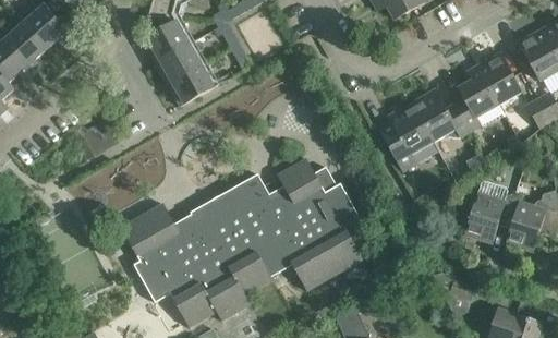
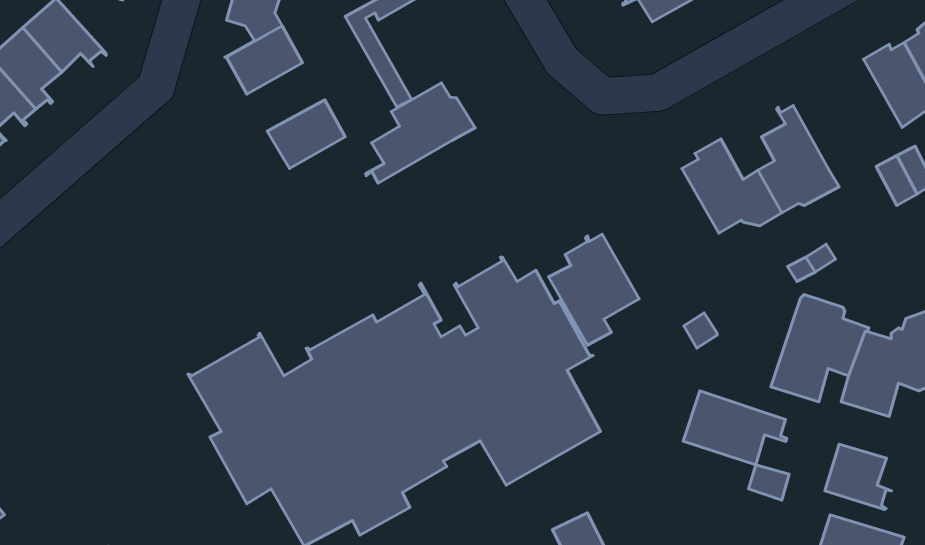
building: [155,43,201,83] -> none
building: [476,51,522,105] -> none
building: none -> [366,83,475,183]
building: [379,105,433,170] -> [548,234,639,345]
building: none -> [683,391,787,465]
building: none -> [825,444,891,510]

